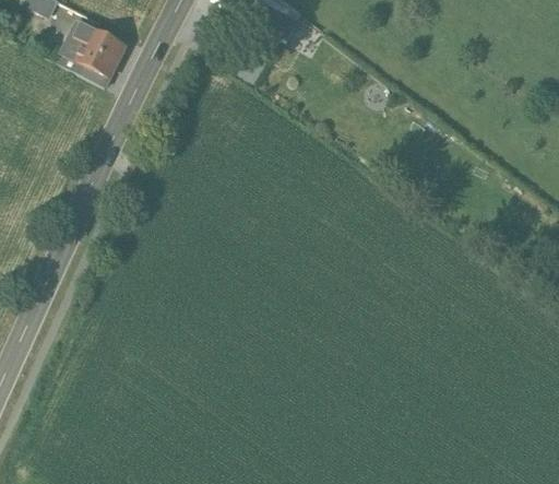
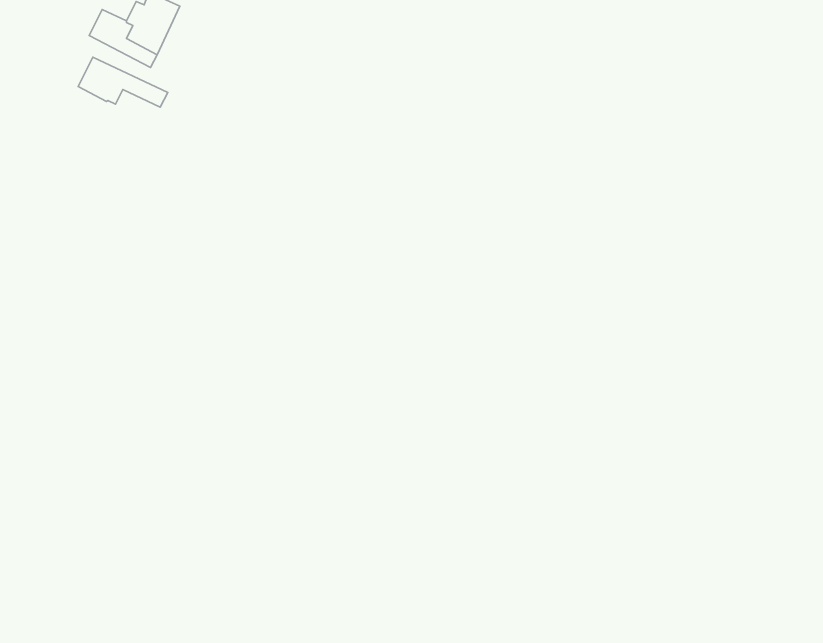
building: none -> [78,57,168,107]

